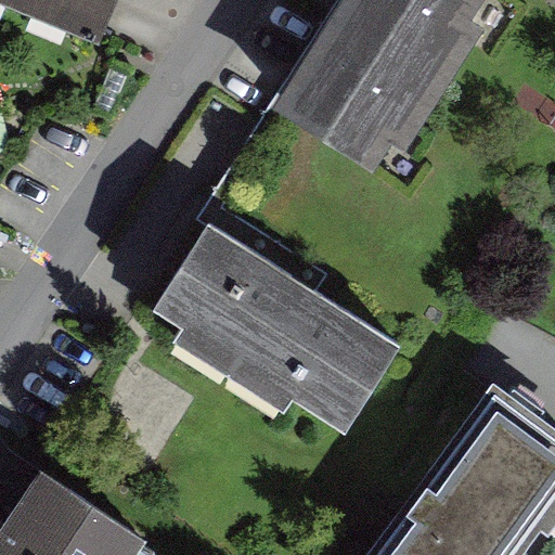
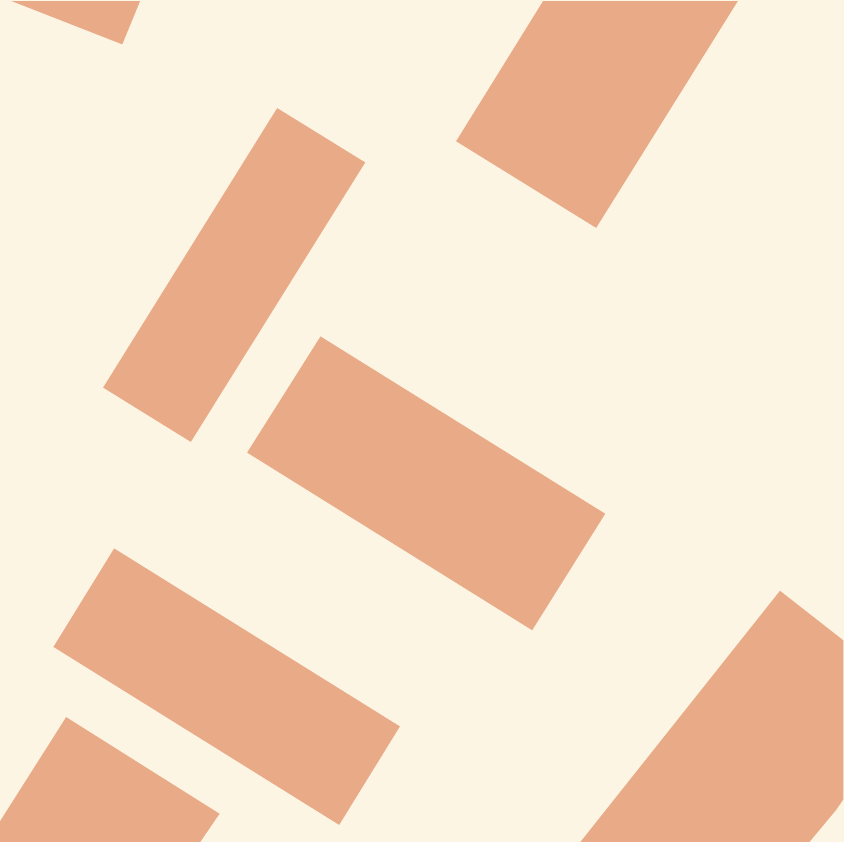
building: none -> [102,107,366,443]
building: none -> [52,547,401,826]

